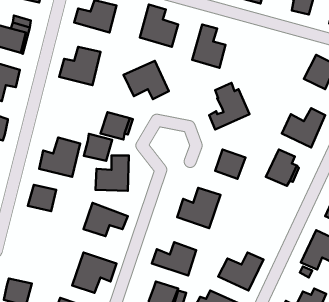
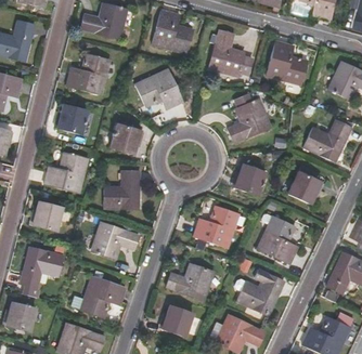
building: none -> [264,40,306,84]
building: [84,134,112,161] -> [55,105,86,134]
building: none -> [255,215,297,264]
building: none -> [18,247,62,297]

